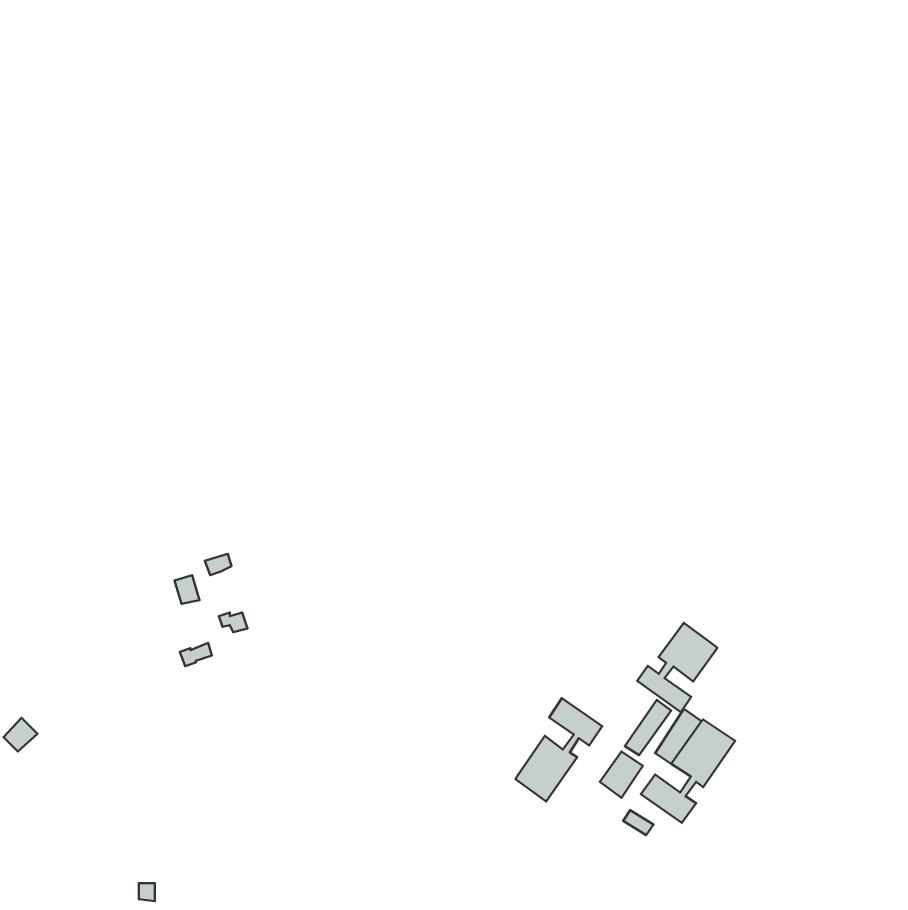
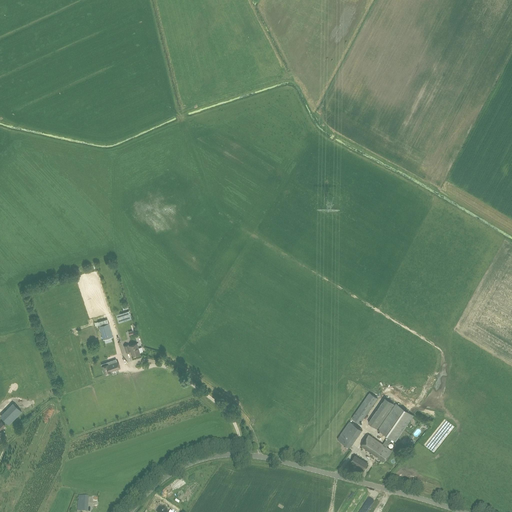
building: [637,623,717,712] -> none
building: [515,698,602,801] -> none

